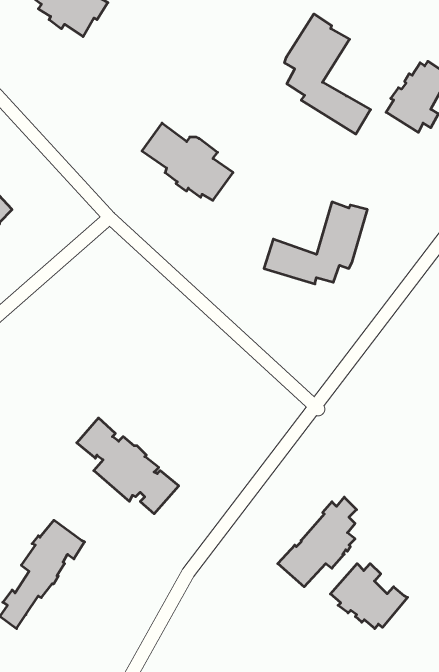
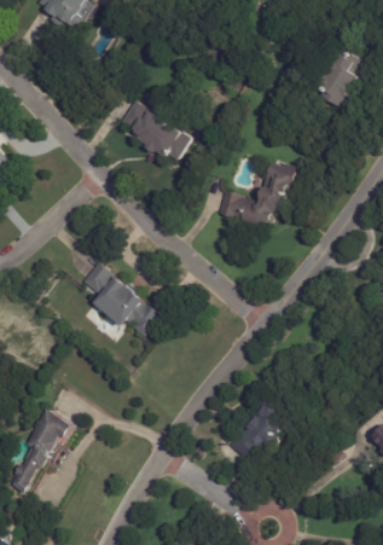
building: [285,14,371,134] -> none
building: [77,418,179,514] -> [81,261,161,336]
building: [330,564,408,629] -> none

